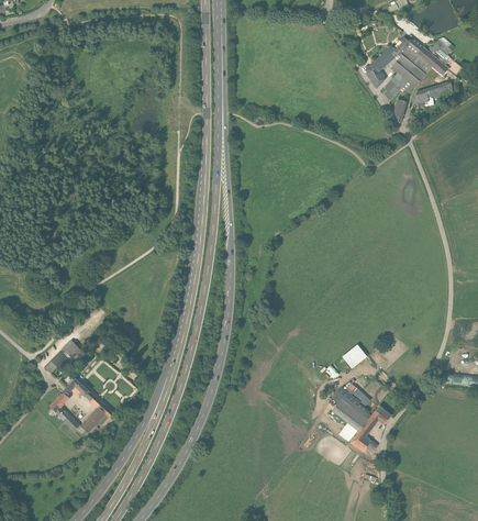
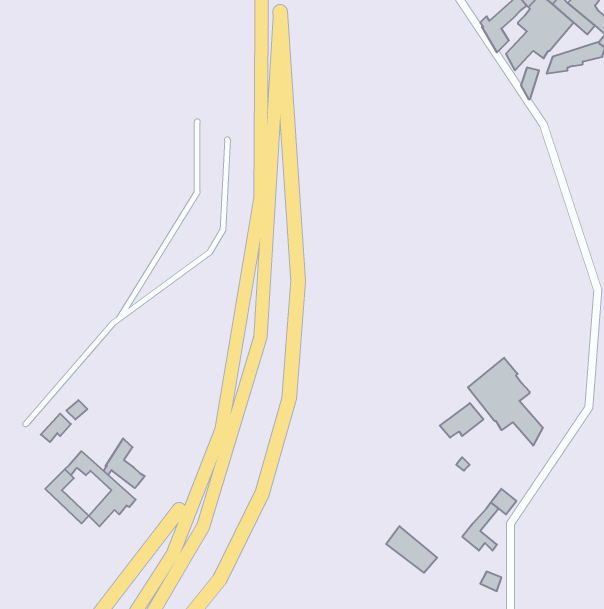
building: none -> [468,358,543,446]
building: none -> [103,438,145,488]
building: [332,397,369,431] -> [386,526,437,573]

